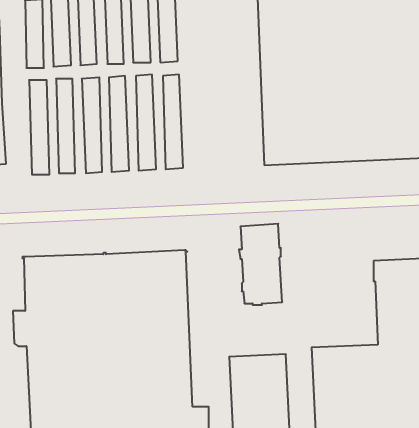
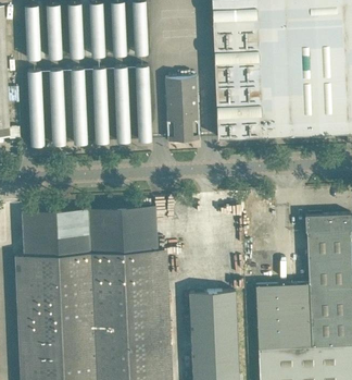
building: [239,224,282,305] -> [164,76,199,142]

